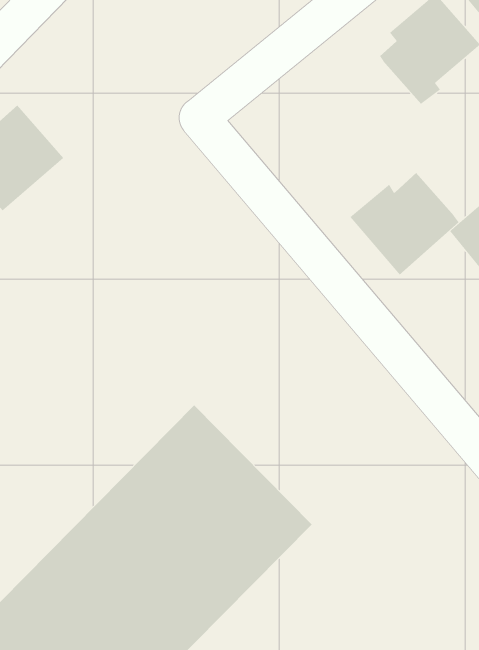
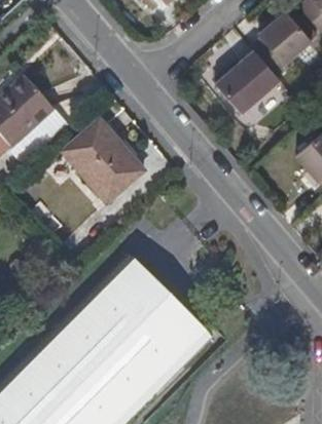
building: [349,172,459,275] -> [210,48,278,112]
building: none -> [63,124,142,202]

